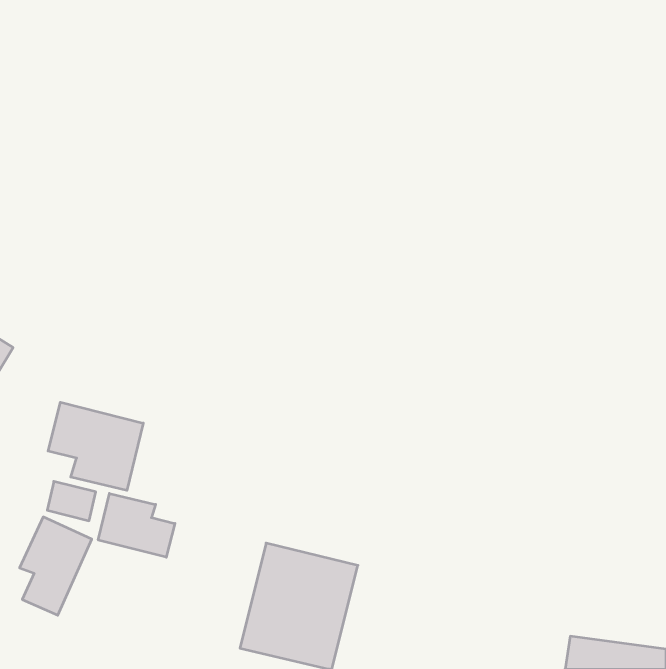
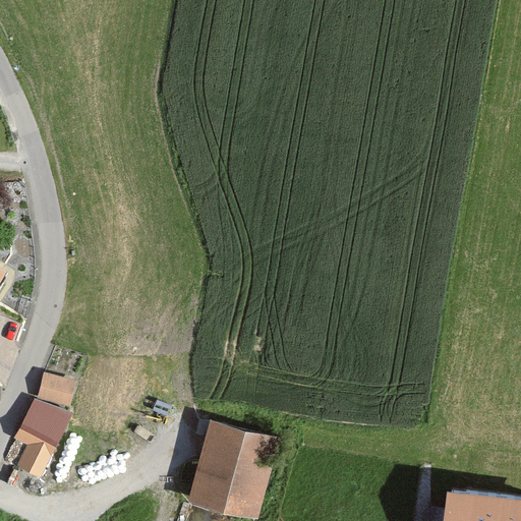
building: [48,402,143,490] -> none
building: [98,493,175,557] -> none

